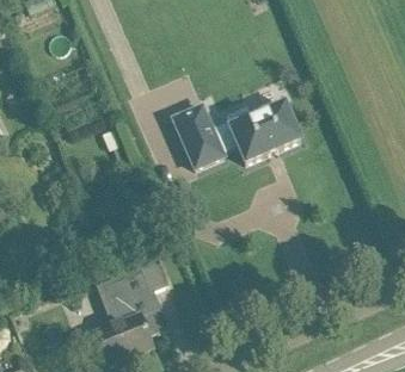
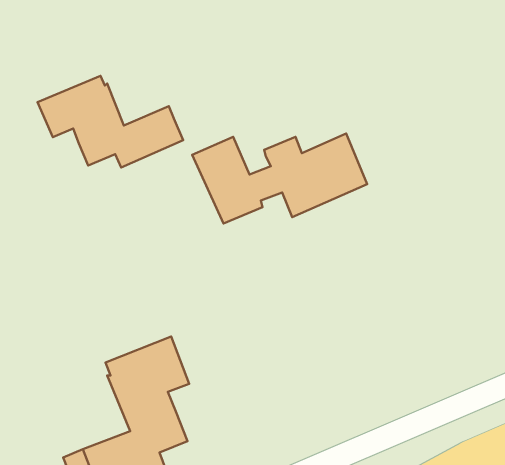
building: none -> [38,76,183,167]

